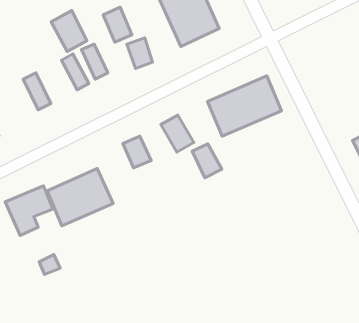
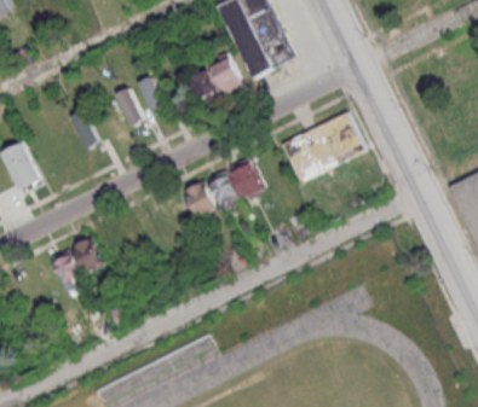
building: [103,7,132,42] -> [208,54,241,94]
building: [51,10,87,51] -> none
building: [192,144,222,178] -> [206,170,240,209]
building: [47,168,113,226] -> none

